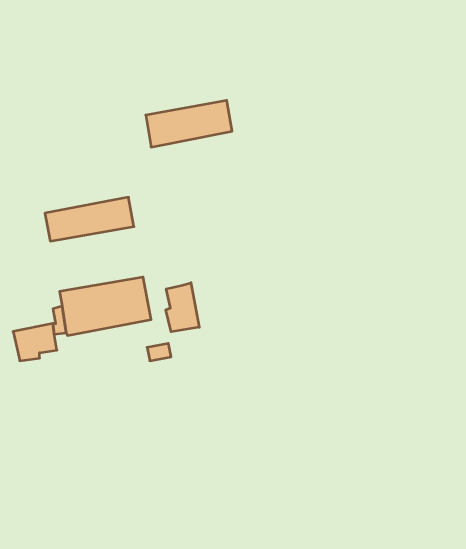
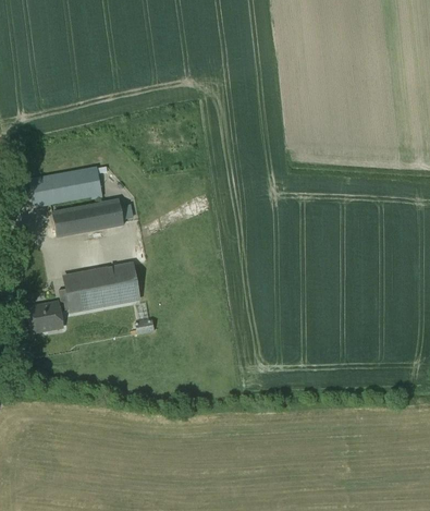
building: [146,100,232,147] -> [30,167,101,205]
building: [166,283,199,332] -> none

